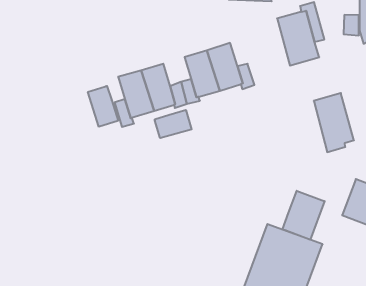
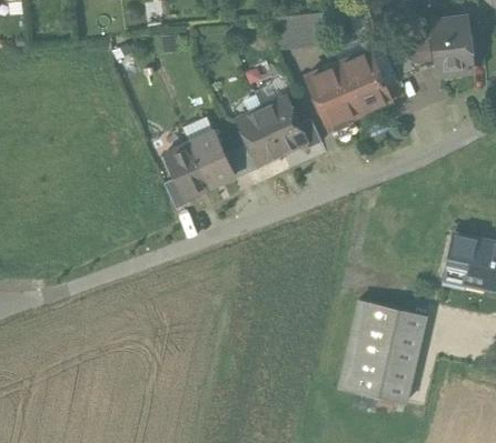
building: [88,86,118,127] -> none
building: [314,93,354,152] -> [307,61,359,131]
building: [155,110,192,138] -> none
building: [282,191,325,240] -> none

